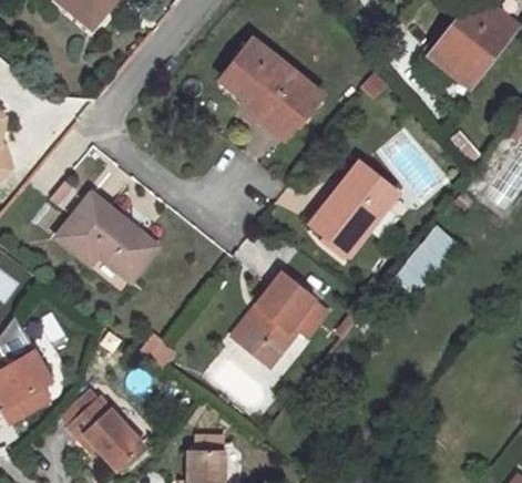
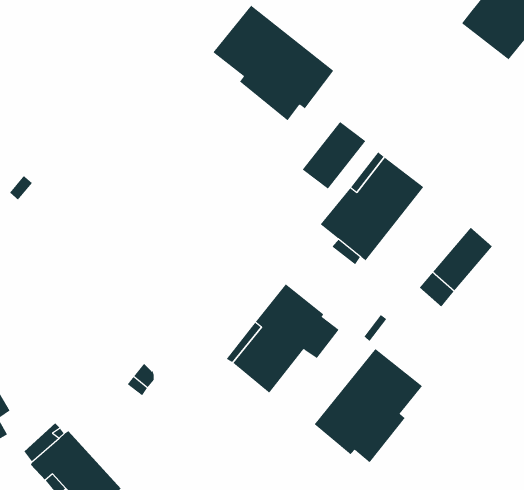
building: none -> [302,121,366,190]
building: [57,194,157,279] -> none
building: none -> [314,348,423,463]

